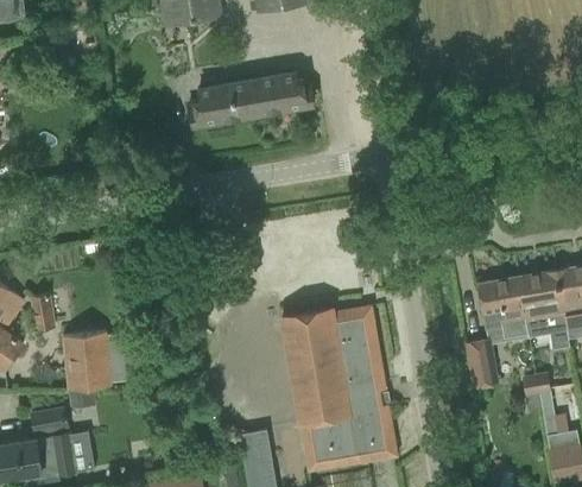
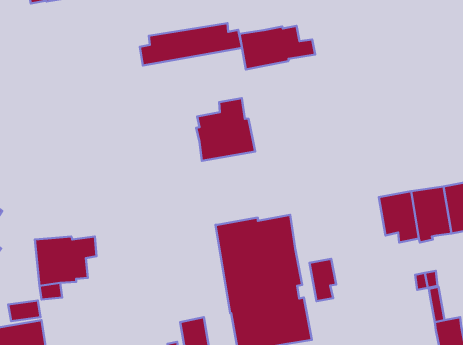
building: none -> [240,26,315,69]
building: none -> [196,98,255,161]
building: [30,293,56,330] -> none
building: [464,339,496,390] -> [310,259,336,301]

